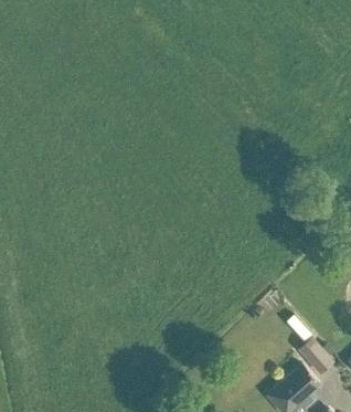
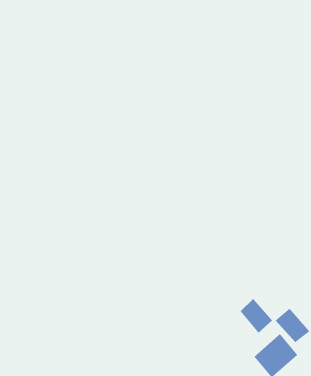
building: none -> [240,298,273,333]

